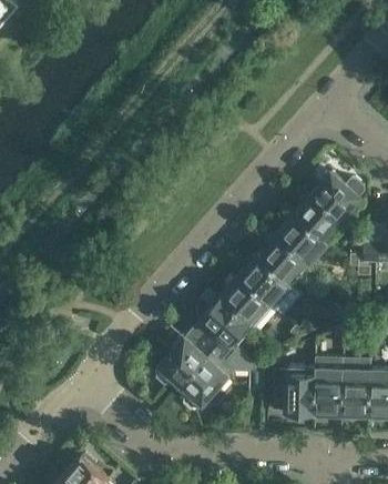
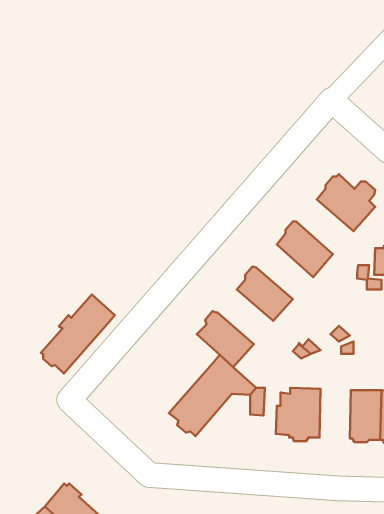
building: [294,193,346,244] -> none
building: [257,235,309,285] -> none
building: [222,276,273,326] -> none
building: [156,317,224,390] -> [41,295,115,374]
building: [315,367,344,416] -> none

